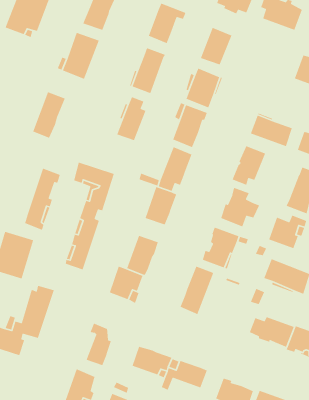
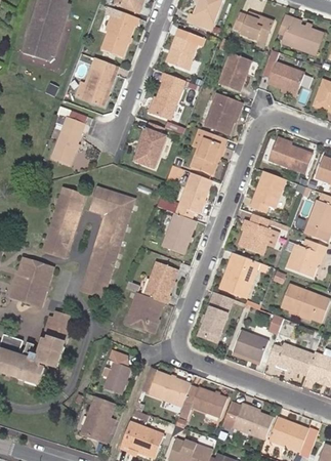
building: none -> [262,50,304,92]
building: none -> [235,331,268,361]

